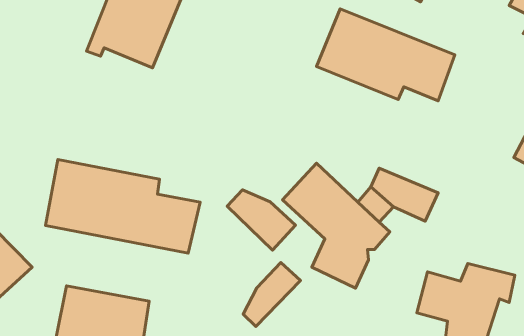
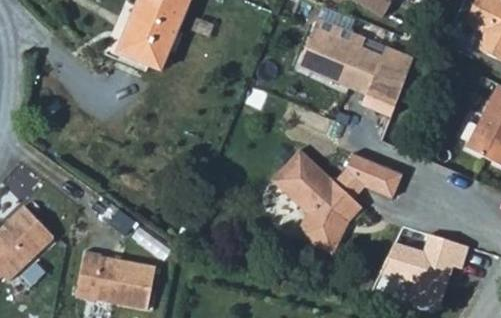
building: [45,160,200,253] -> none
building: [227,190,295,250] -> none
building: [243,262,301,326] -> none

